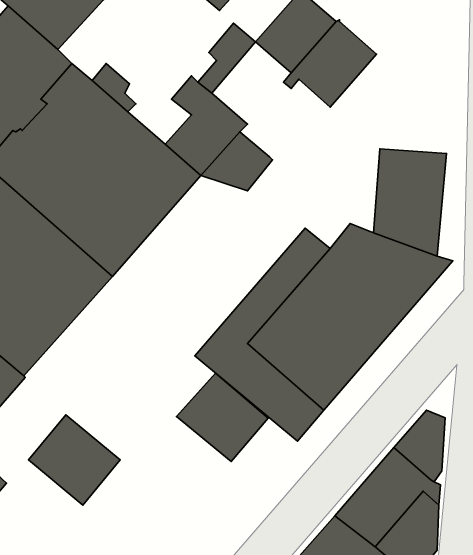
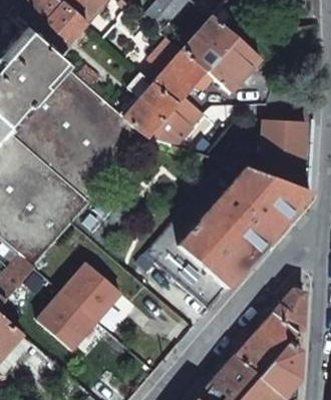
building: none -> [155,51,207,104]
building: [177,373,268,462] -> [61,264,120,321]

